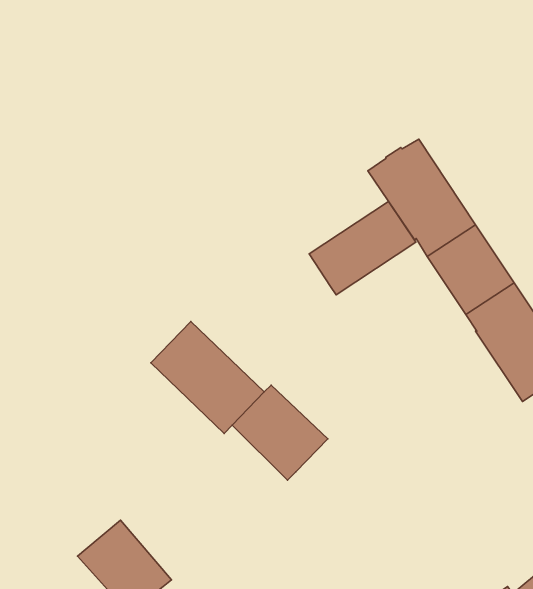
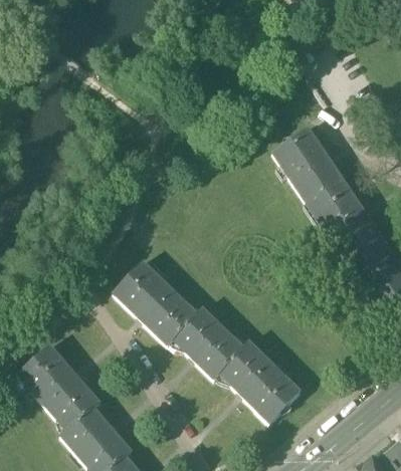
building: [309,201,416,295] -> none
building: none -> [220,343,299,421]
building: none -> [19,344,98,428]

